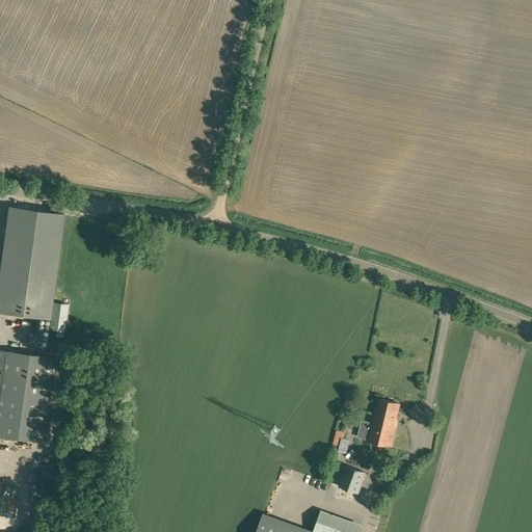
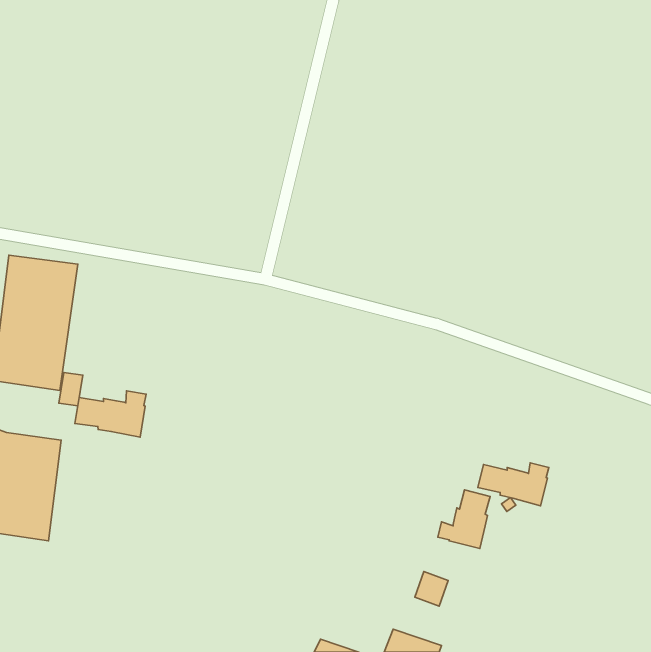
building: none -> [75,391,146,437]
building: none -> [478,463,549,506]

